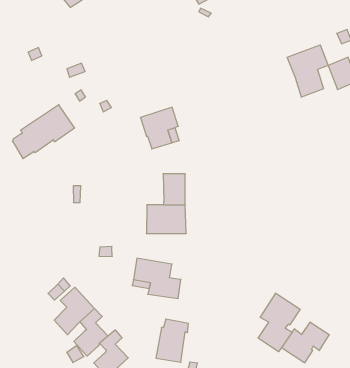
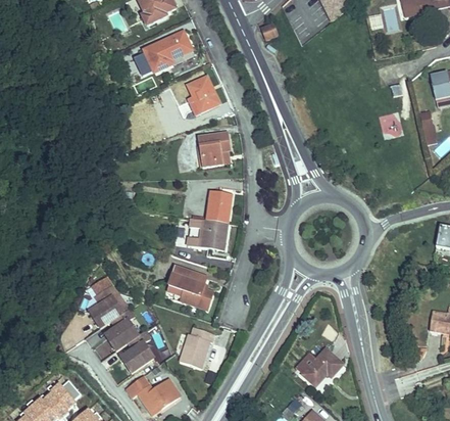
building: [287,45,328,97] -> none
building: none -> [188,76,219,113]
building: [12,105,75,159] -> [135,31,194,76]
building: [258,293,300,352] -> none

